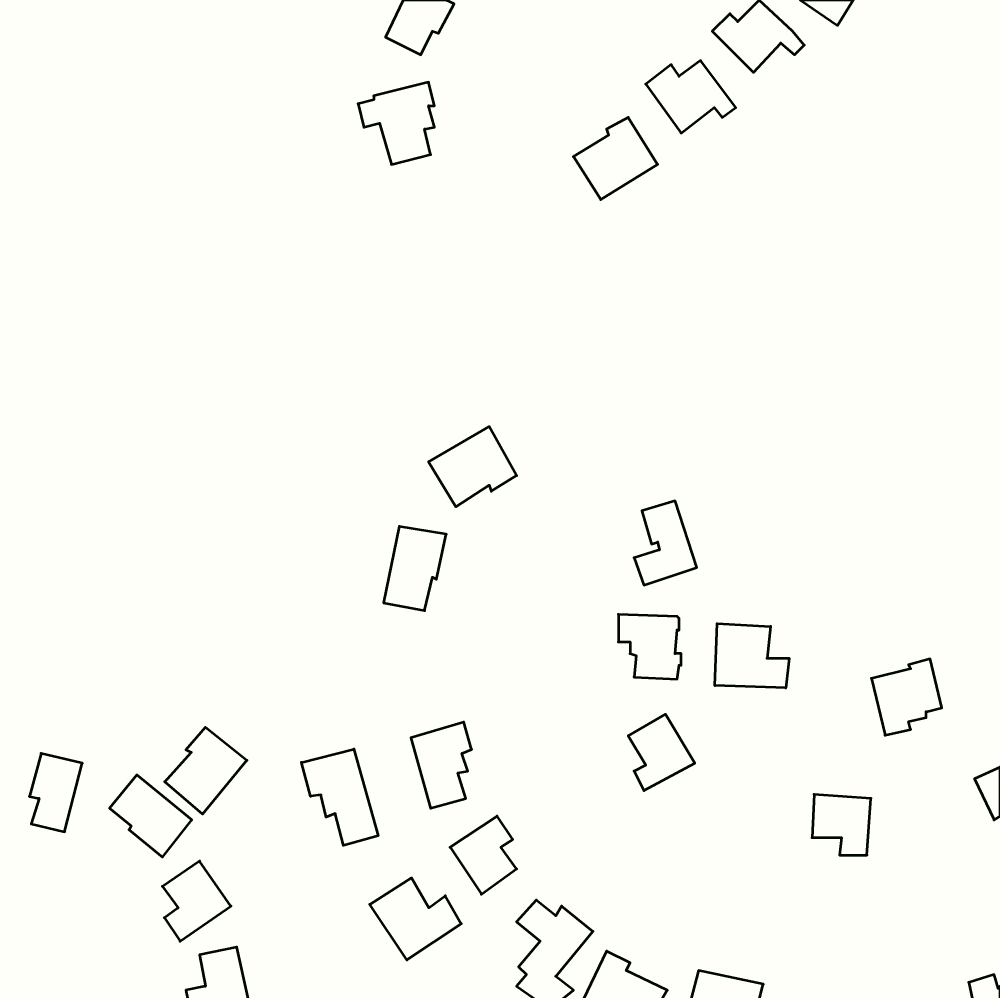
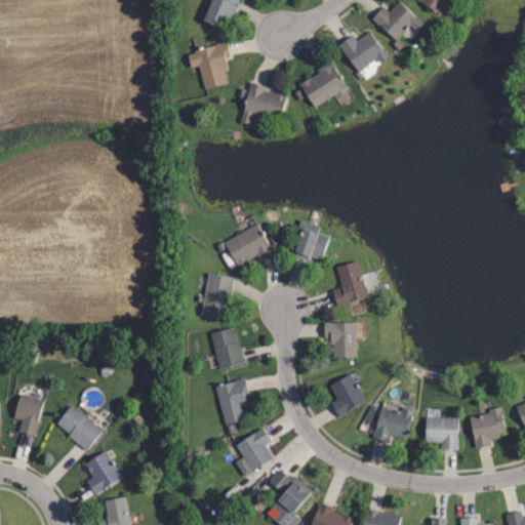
building: none -> [240,82,286,124]
building: none -> [293,223,327,260]
building: [715,624,789,688] -> none
building: none -> [210,329,243,368]
building: [871,659,942,735] -> [469,407,506,447]
building: [165,727,247,814] -> none
building: [301,749,378,845] -> none
building: none -> [373,407,413,441]
building: [370,878,461,960] -> none

